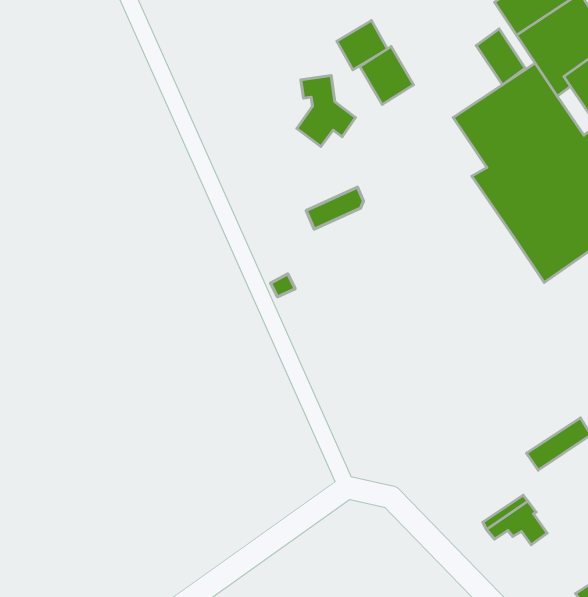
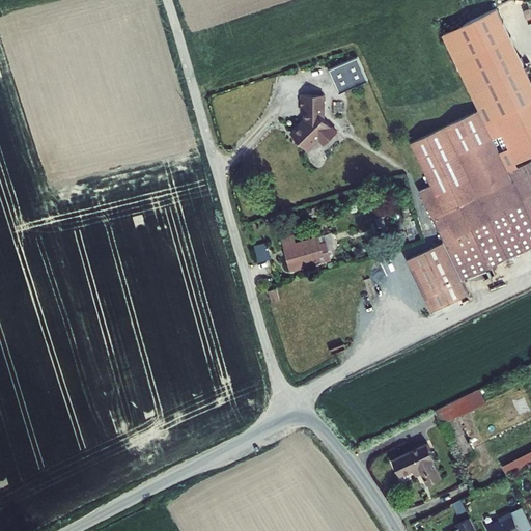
building: [476,29,525,85] -> none
building: [360,47,414,105] -> none
building: [306,187,364,229] -> [280,243,326,271]
building: none -> [408,243,470,312]

